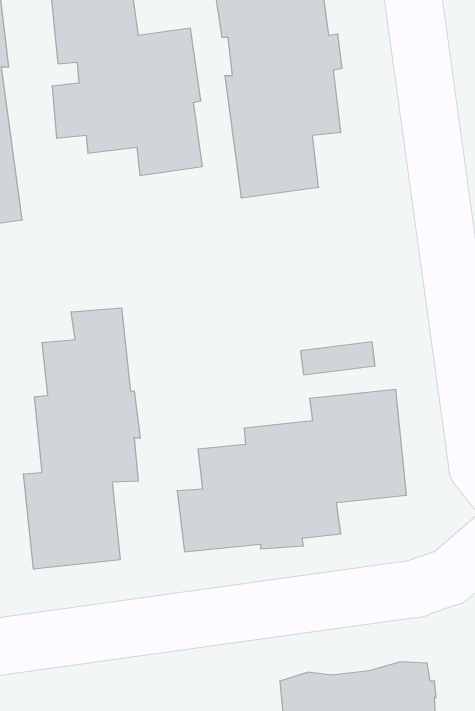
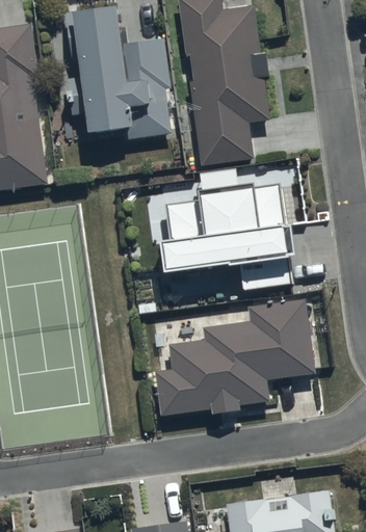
building: none -> [156,190,291,280]
building: [24,308,140,569] -> none

